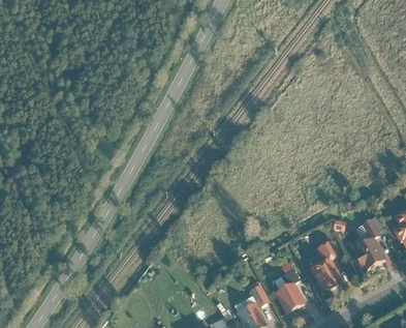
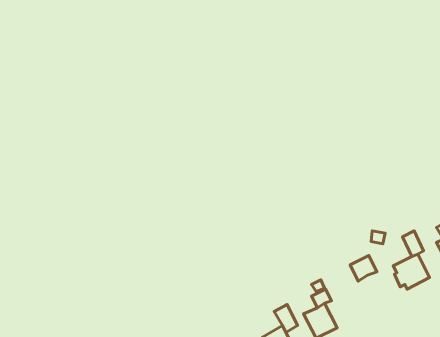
building: [310,257,343,291] -> none

